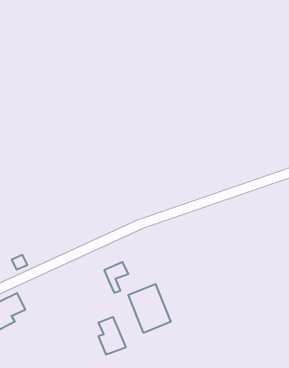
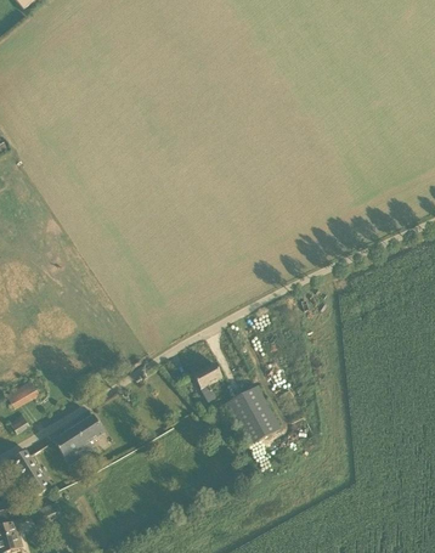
building: [99,317,126,355] -> none

